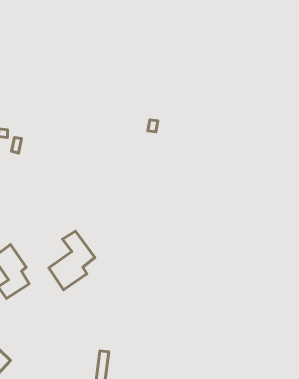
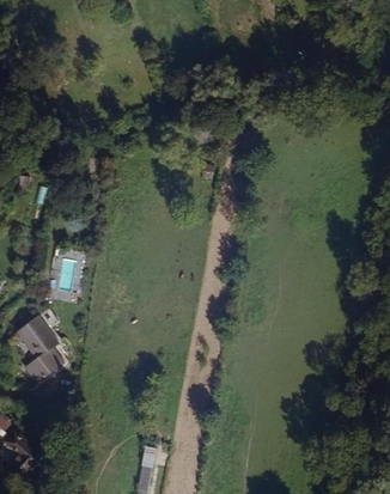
building: [49,231,95,290] -> none

